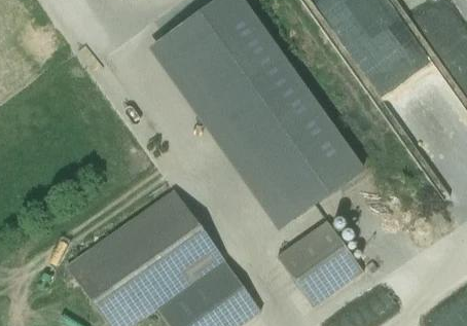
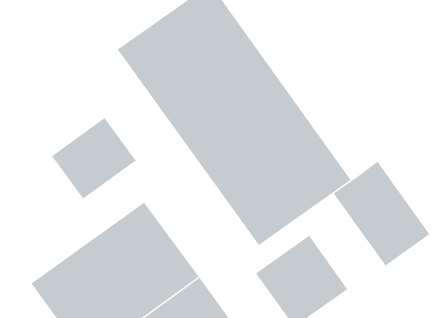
building: none -> [51,117,136,200]
building: none -> [333,161,430,267]

